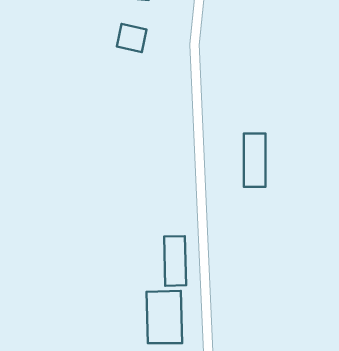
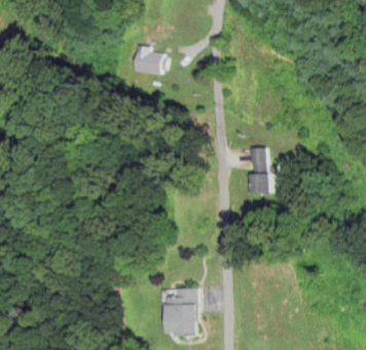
building: [164,236,186,286] -> none

